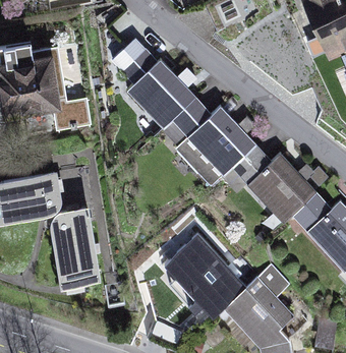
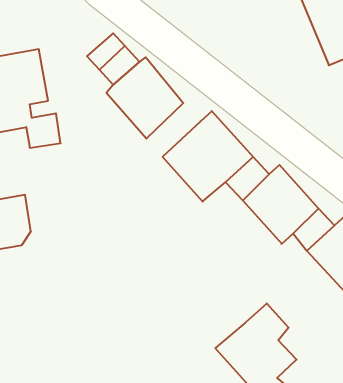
building: [161,94,209,141] -> none
building: [48,213,95,289] -> none
building: [166,236,248,323] -> none

